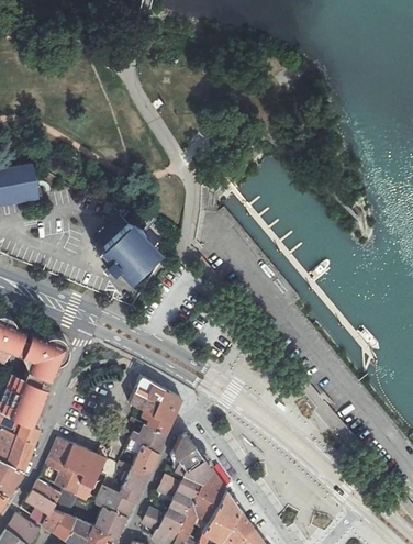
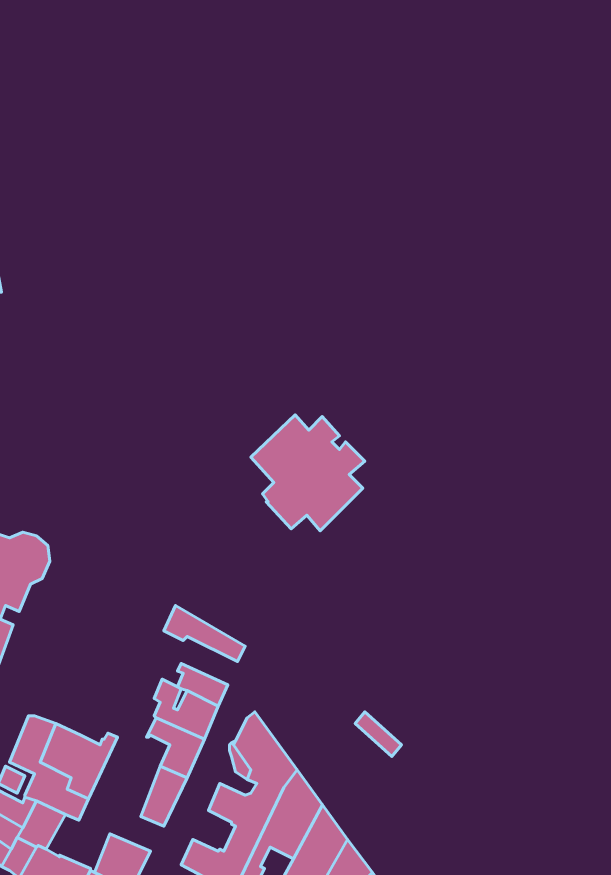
building: [94,215,159,281] -> [251,415,365,531]
building: [129,391,176,422] -> none
building: [96,488,134,517] -> none

